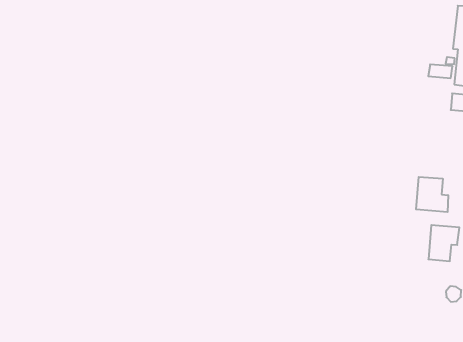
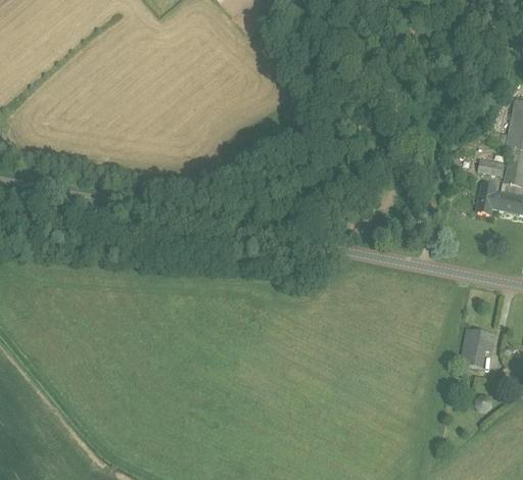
building: none -> [477,182,502,212]
building: [416,177,448,212] -> none

